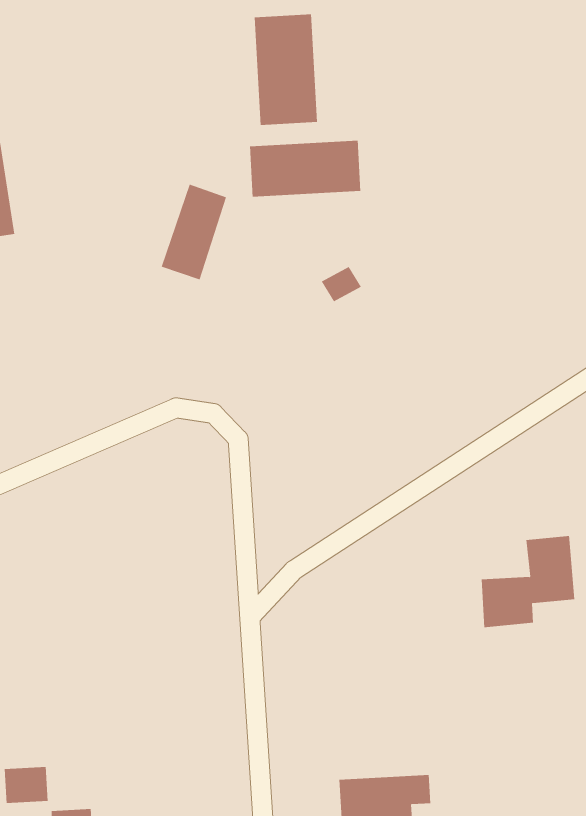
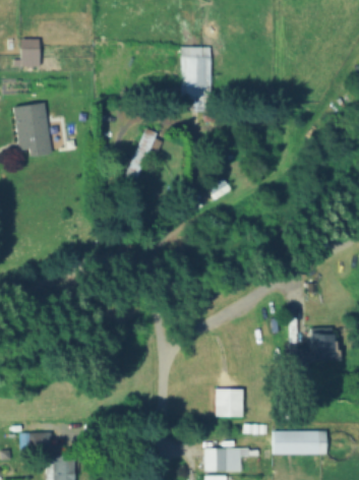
building: [249,140,361,198] -> none
building: none -> [215,388,243,417]
building: none -> [273,430,326,454]

